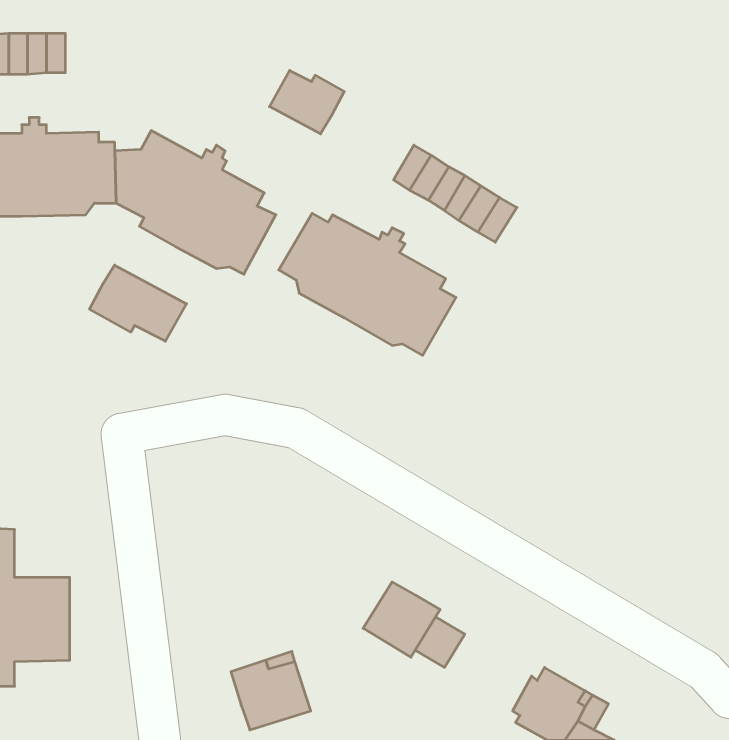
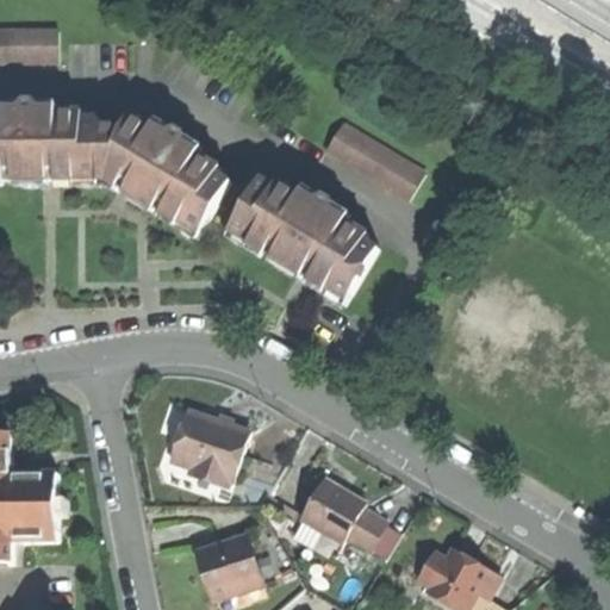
building: [269,70,344,134] -> none
building: [90,265,187,341] -> none
building: none -> [168,410,247,480]

